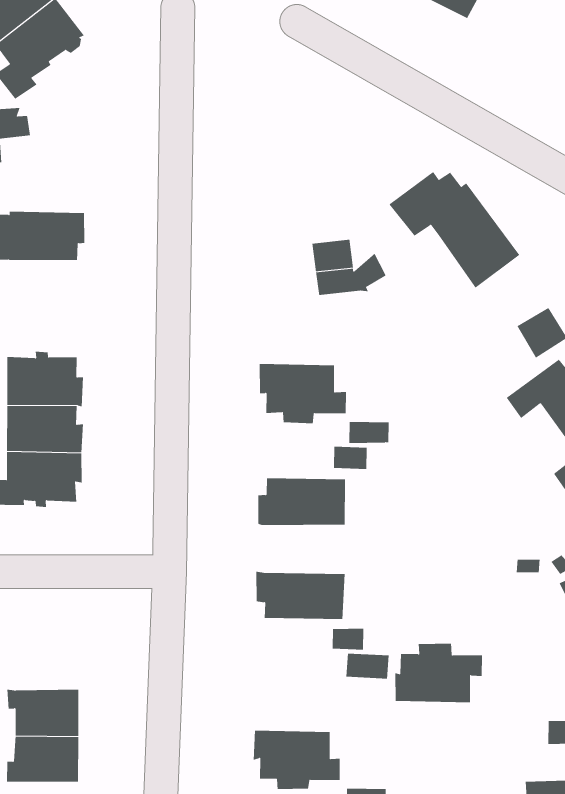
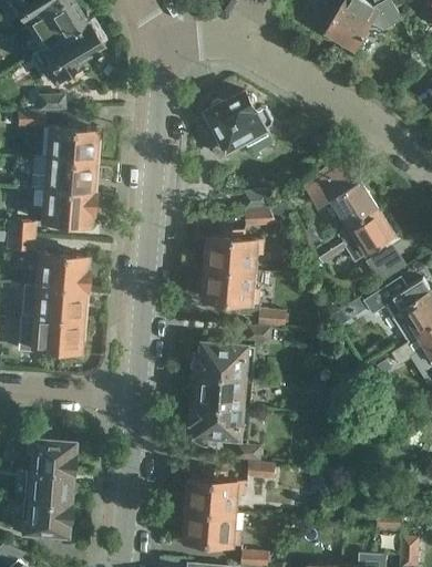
building: none -> [198,92,272,155]
building: none -> [45,124,96,162]
building: none -> [306,208,395,274]
building: none -> [41,189,93,228]
building: none -> [203,230,263,272]
building: none -> [196,374,253,410]
building: none -> [25,440,73,474]
building: [395,643,483,703] -> [184,472,244,513]

